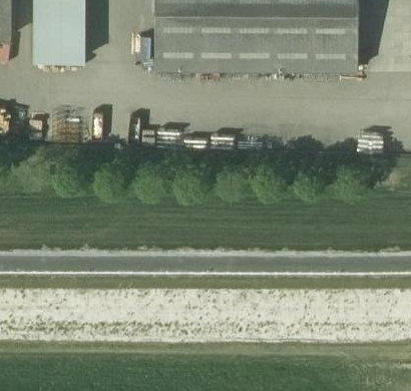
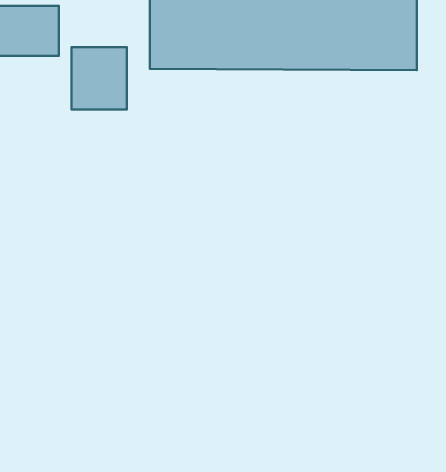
building: none -> [71,47,127,109]

